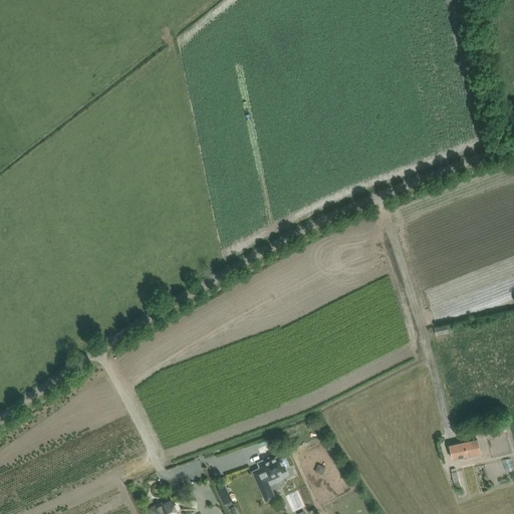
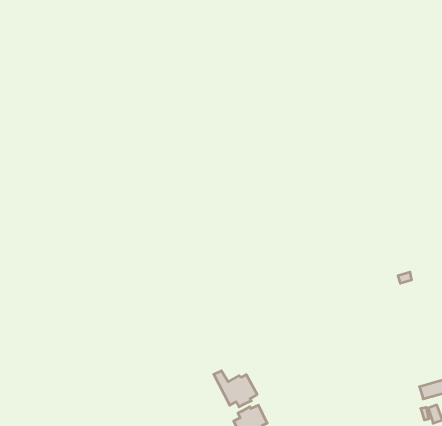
building: none -> [214,371,257,407]

